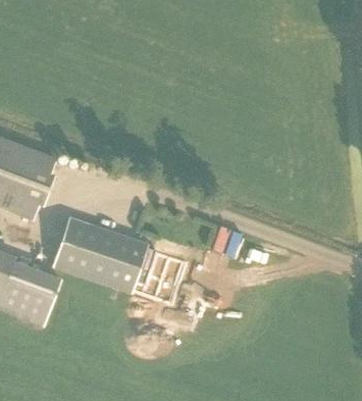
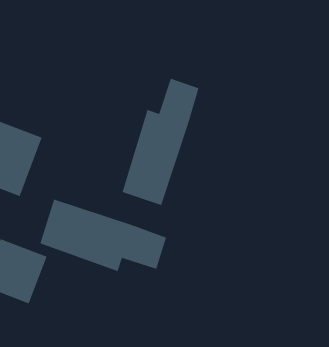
building: none -> [122,78,199,206]

